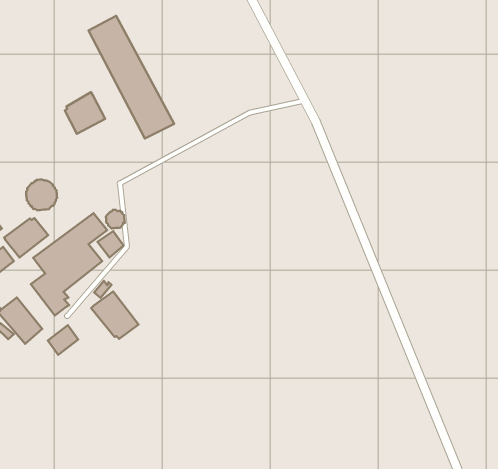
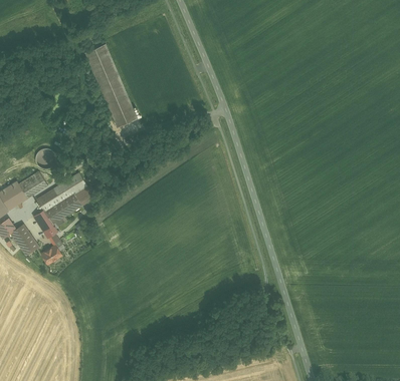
building: [65,92,105,134] -> none
building: [91,291,138,339] -> none

